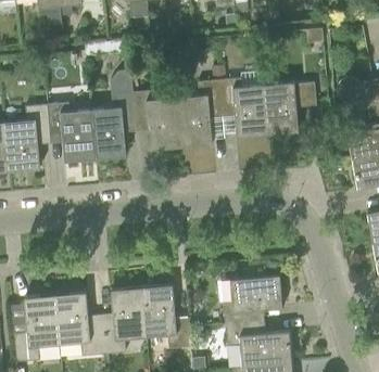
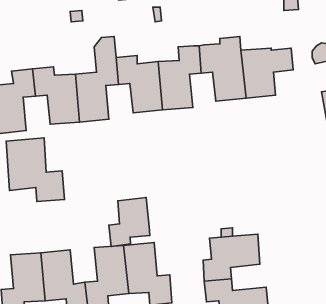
building: none -> [6,138,65,201]
building: none -> [109,198,150,246]

